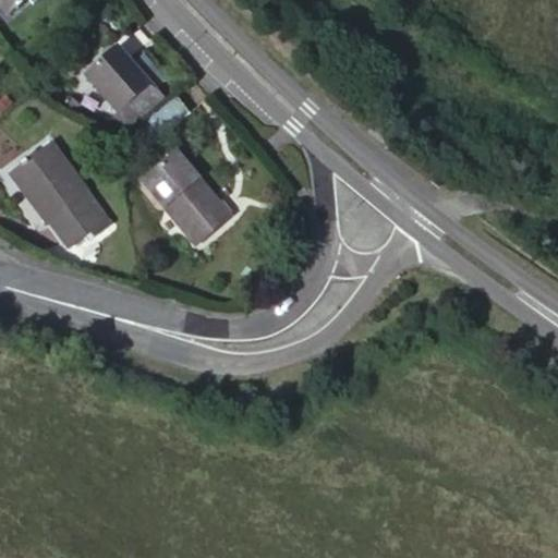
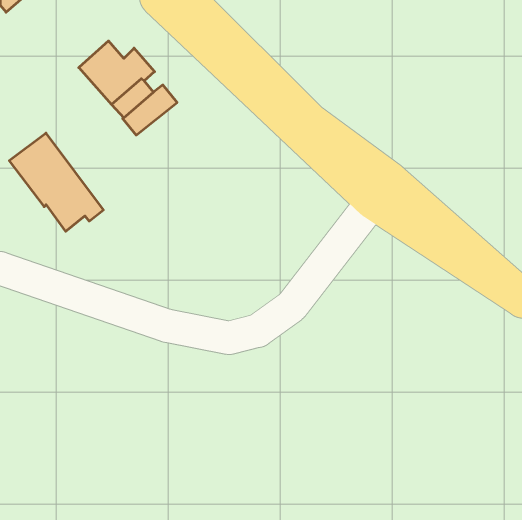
building: [145,153,230,241] -> none

